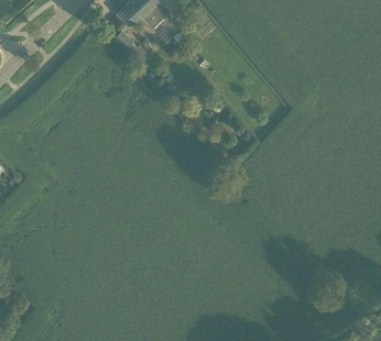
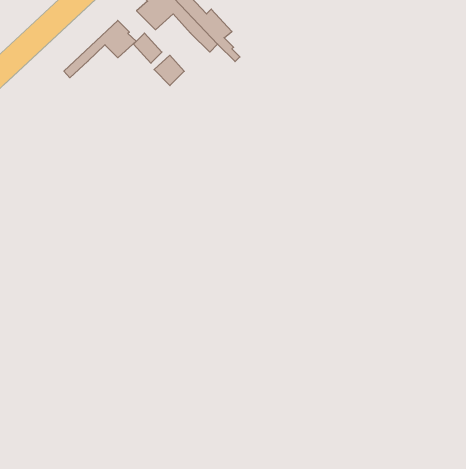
building: none -> [64,20,136,78]

